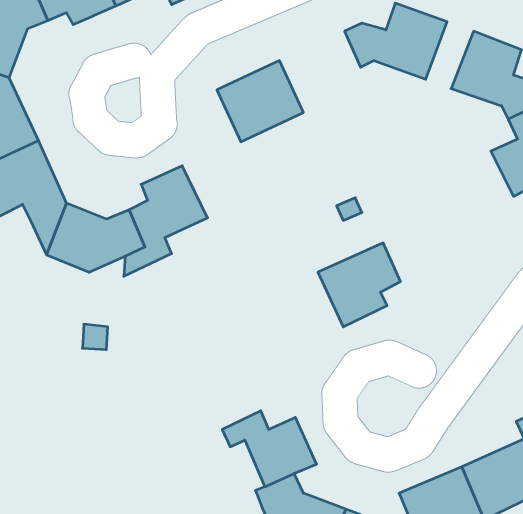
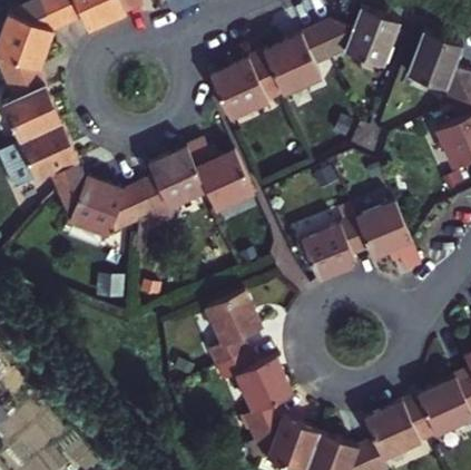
building: none -> [264,30,332,98]
building: none -> [183,134,251,205]
building: none -> [351,189,419,262]
building: none -> [205,285,265,363]

